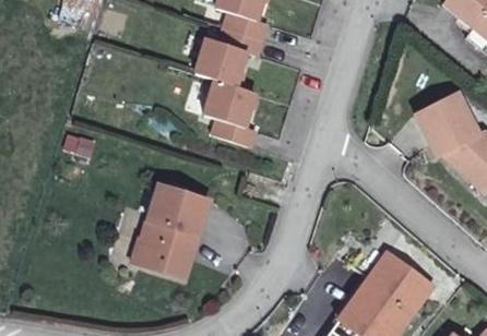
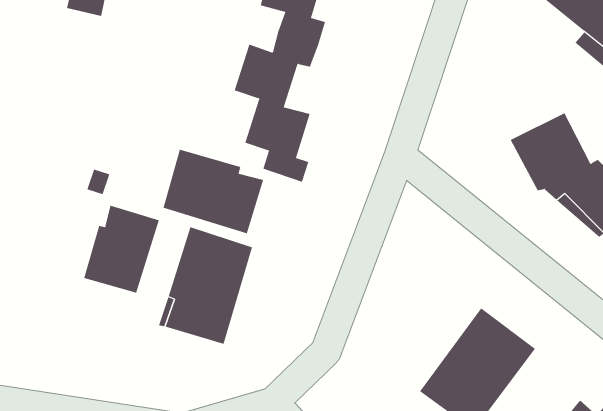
building: none -> [163,149,264,234]
building: none -> [83,205,159,293]

